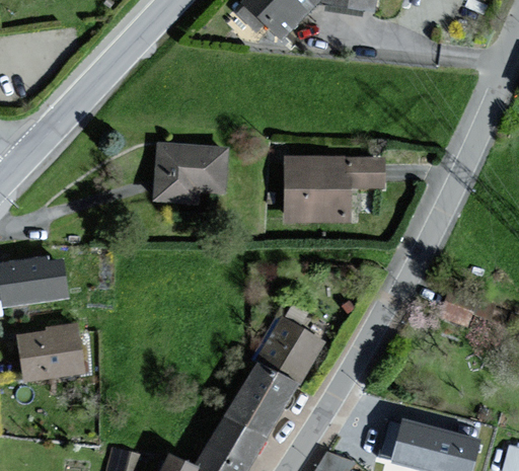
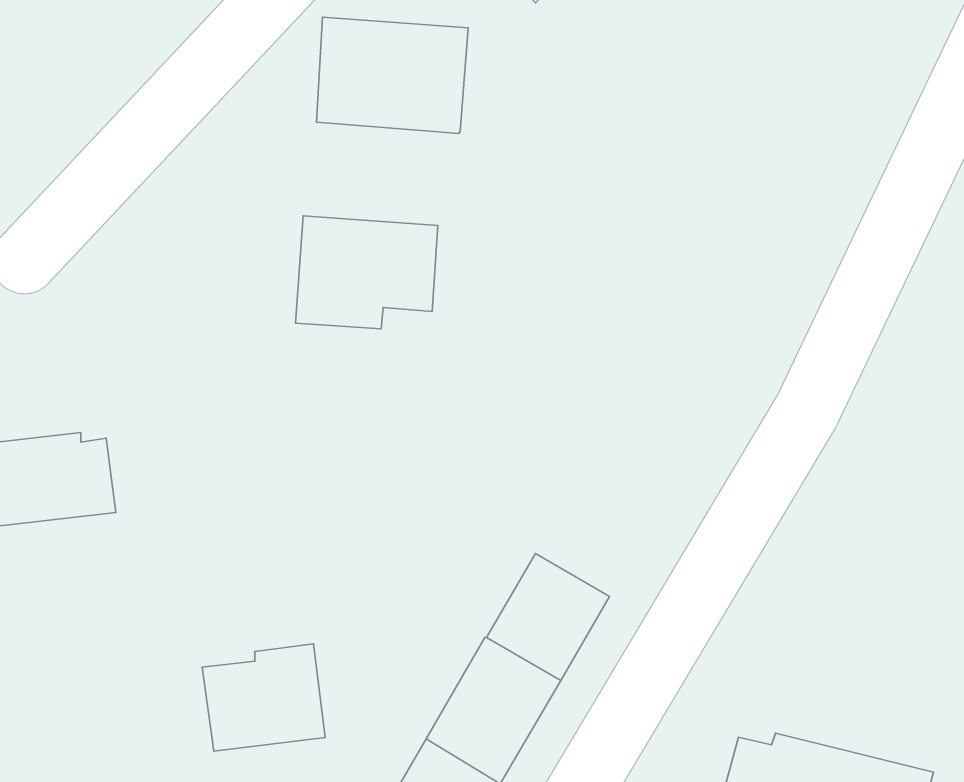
building: none -> [317,17,468,133]
building: [288,160,384,223] -> none
building: [17,326,81,382] -> [202,644,325,751]

